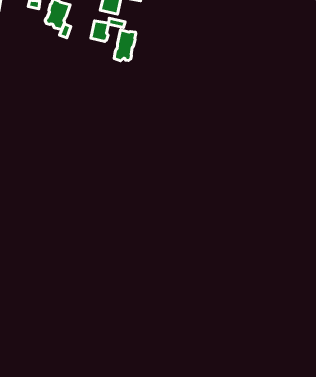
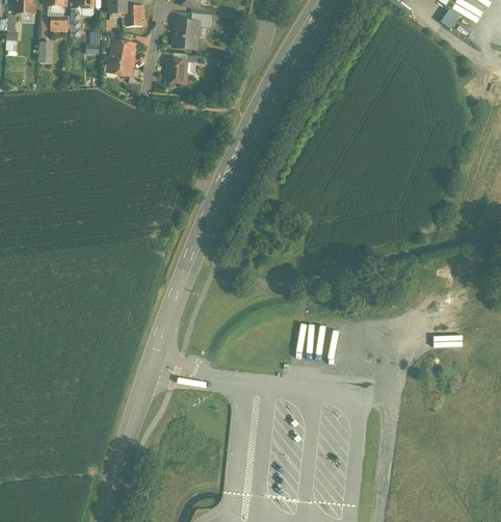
building: [114,30,136,61] -> none

